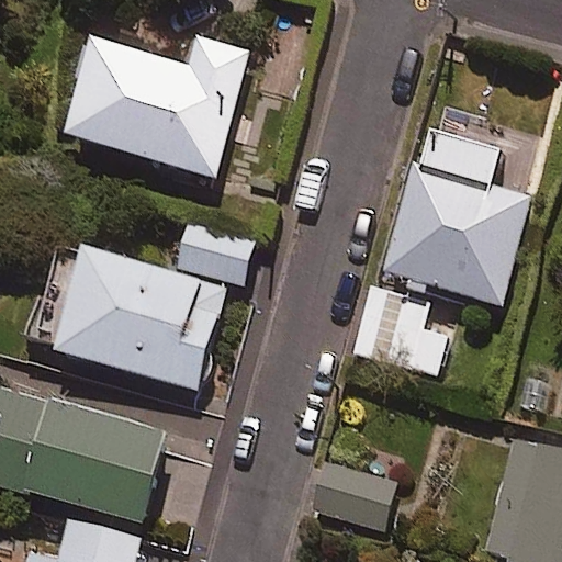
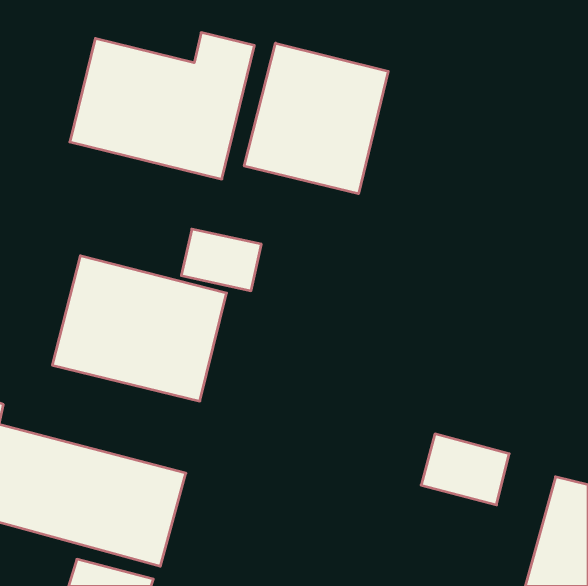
building: none -> [244,43,388,194]
building: [353,142,529,382] -> none
building: [314,467,397,533] -> [421,434,509,505]

